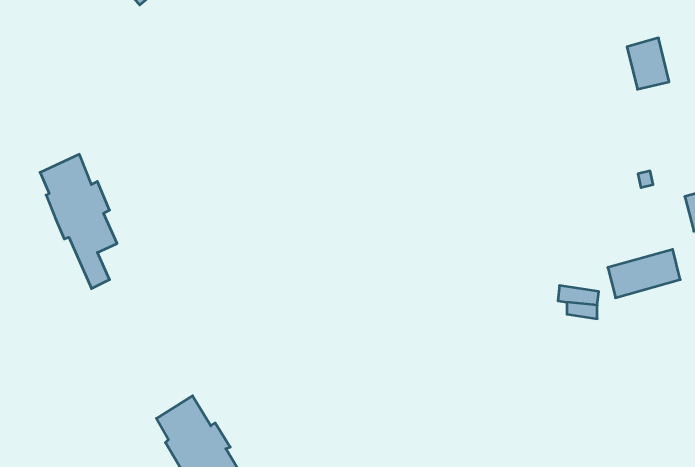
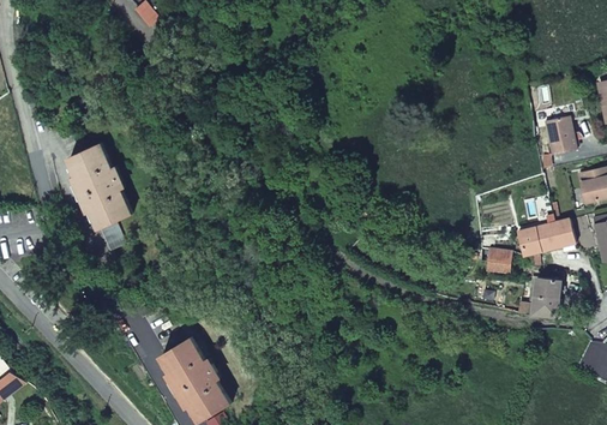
building: [627,38,669,89] -> [546,115,579,156]
building: none -> [517,280,559,318]

